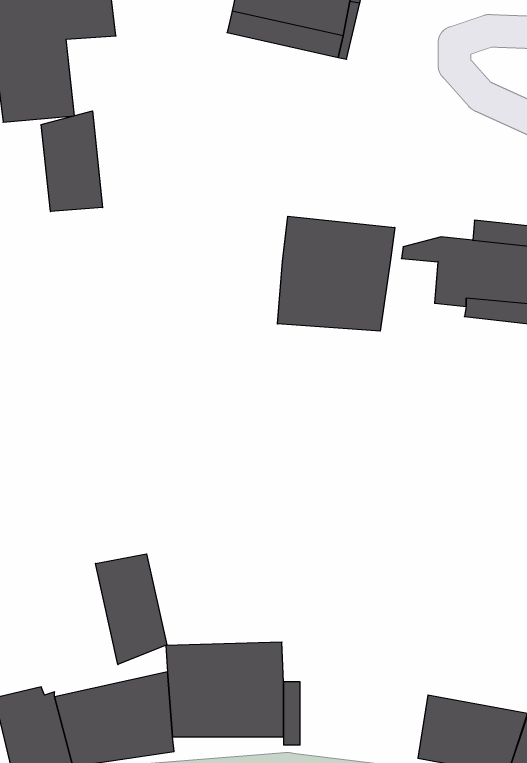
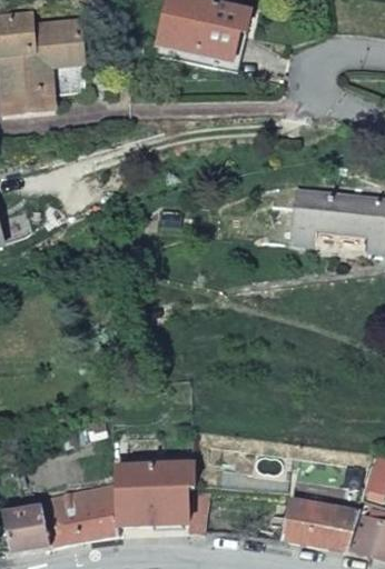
building: [41,111,103,212] -> none
building: [277,216,395,331] -> none
building: [96,554,167,665] -> none

